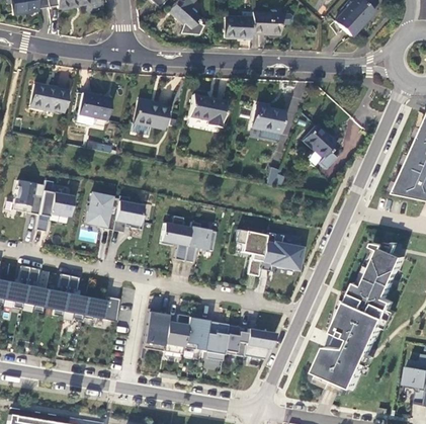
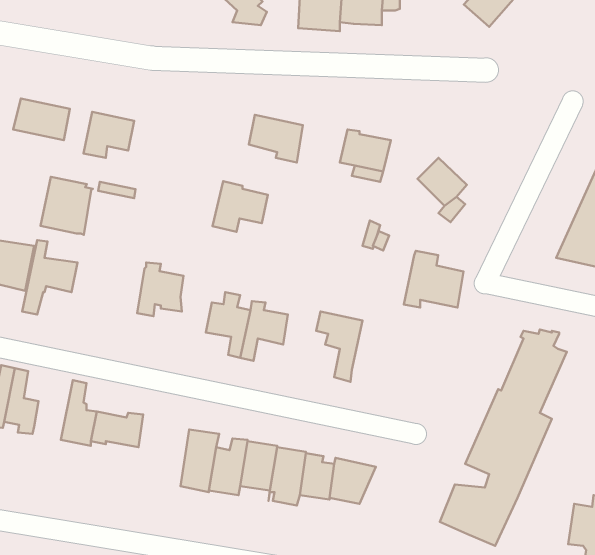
building: [131,100,168,135] -> [213,181,268,232]
building: [84,190,119,230] -> [41,177,93,235]
building: [259,232,300,270] -> [404,251,463,307]
building: [44,273,70,316] -> none

